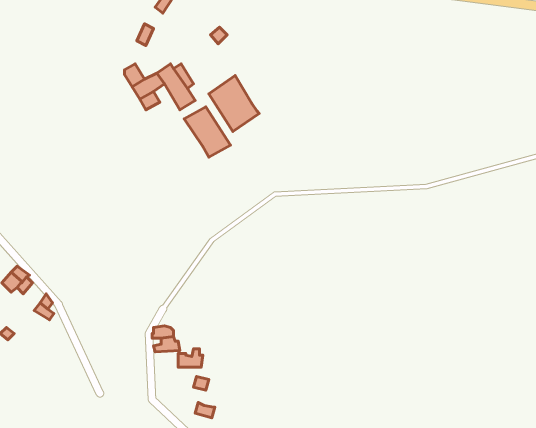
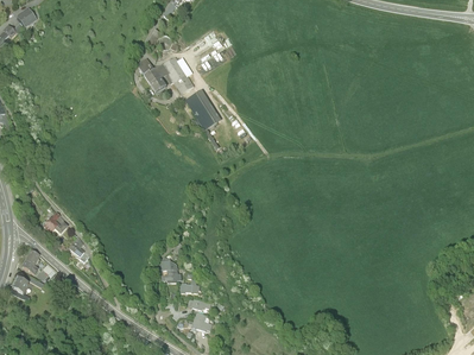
building: [209,76,259,132] -> none

